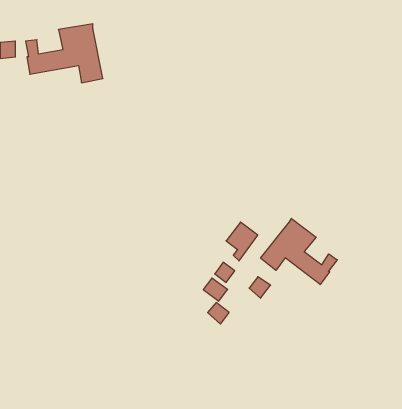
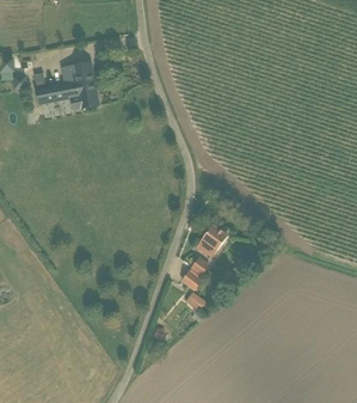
building: [261,218,337,285] -> none

